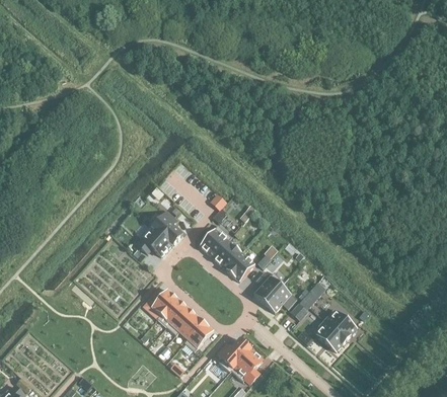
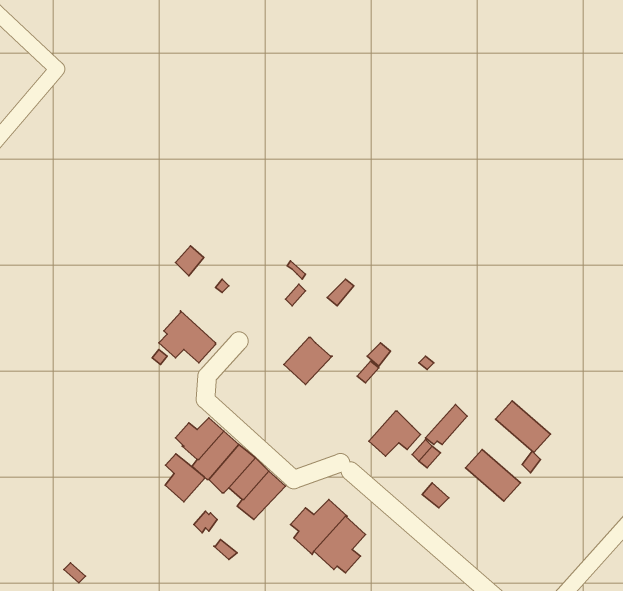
building: [149,212,182,246] -> none
building: [200,226,232,258] -> none
building: [226,253,255,283] -> none
building: [254,272,285,305] -> none
building: none -> [165,454,205,502]
building: [313,321,347,352] -> [495,401,551,452]

